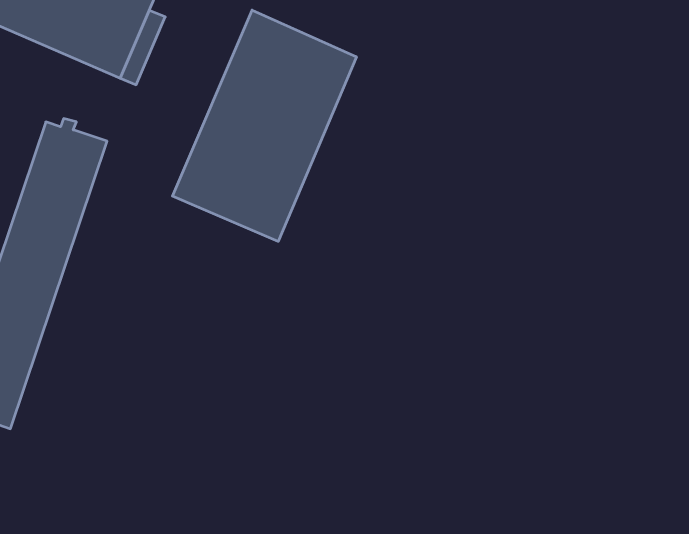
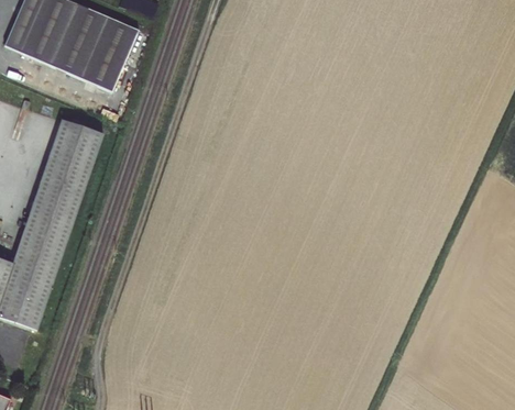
building: [172,10,356,241] -> none

